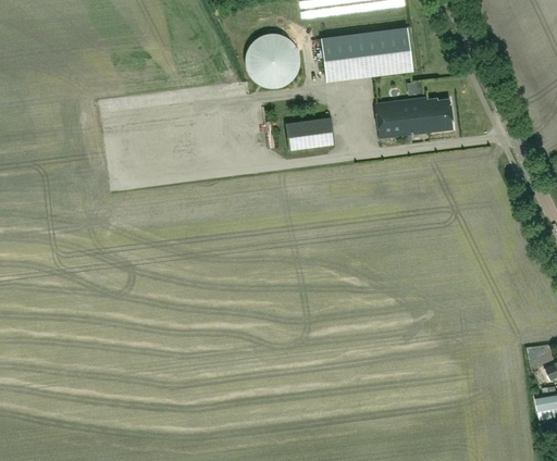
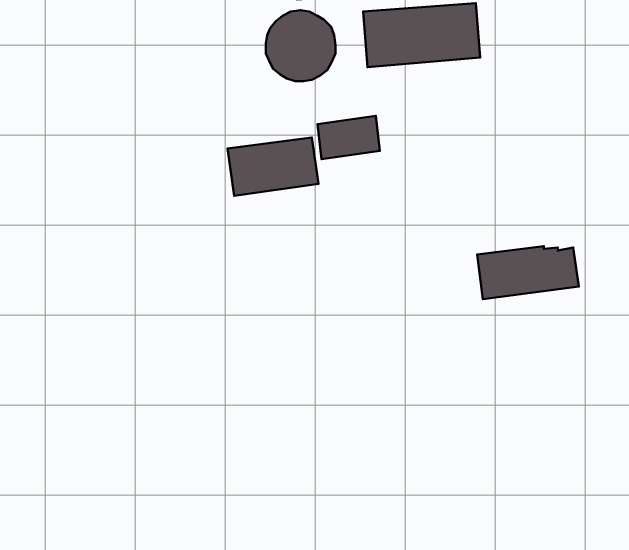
building: [374,97,454,138] -> [477,246,579,299]
building: none -> [227,138,318,196]

